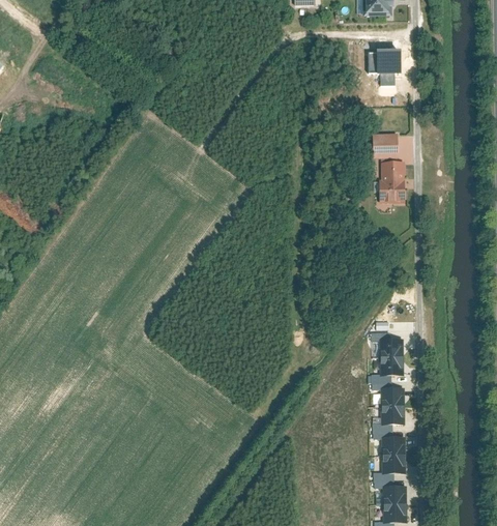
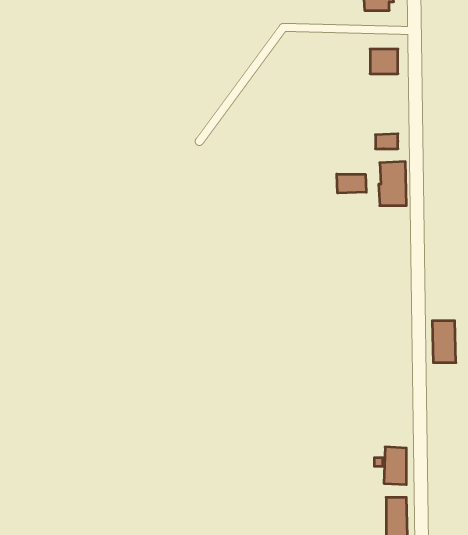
building: none -> [337,174,366,193]
building: [380,337,403,377] -> [432,321,456,363]
building: [381,387,404,426] -> none

